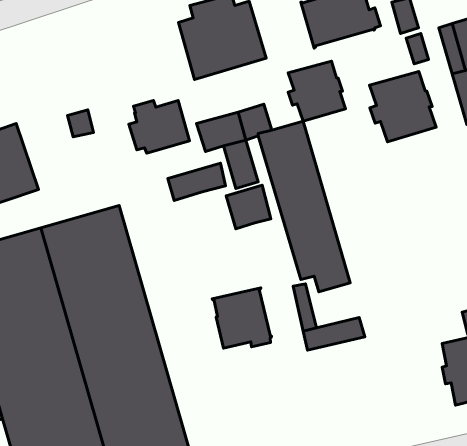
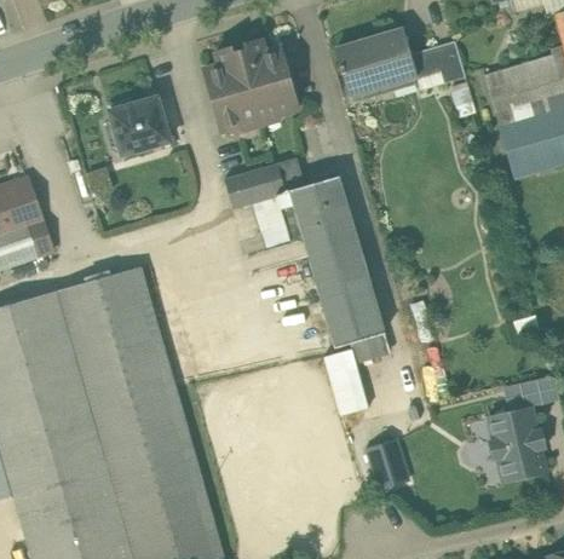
building: [288,61,346,121] -> none
building: [370,71,436,142] -> none
building: [129,101,189,153] -> [104,98,169,155]
building: [168,163,225,201] -> none
building: [226,185,271,229] -> none
building: [212,288,272,348] -> none
building: none -> [367,439,408,490]

